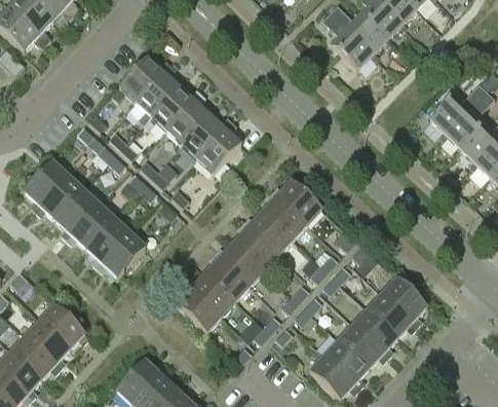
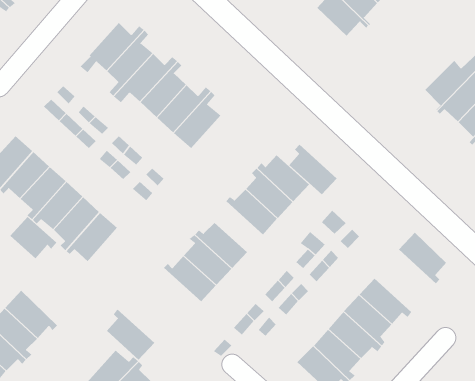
building: [234,221,279,268] -> [288,144,337,195]
building: none -> [10,216,57,259]
building: [382,275,427,324] -> [398,232,447,284]
building: [177,283,222,331] -> [106,308,155,361]

